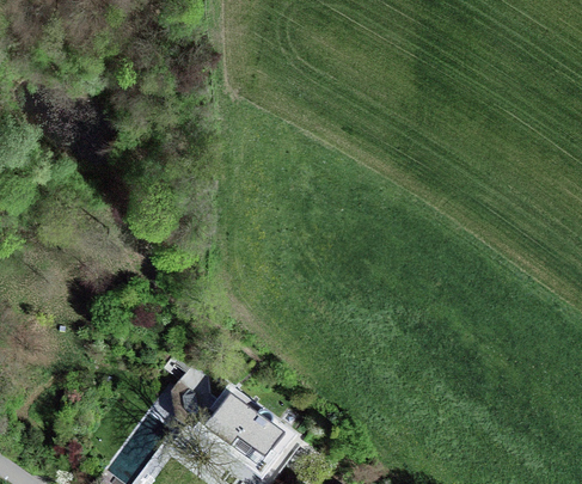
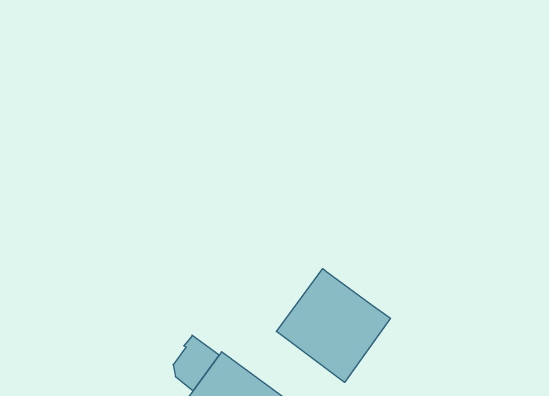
building: none -> [276,269,390,382]

